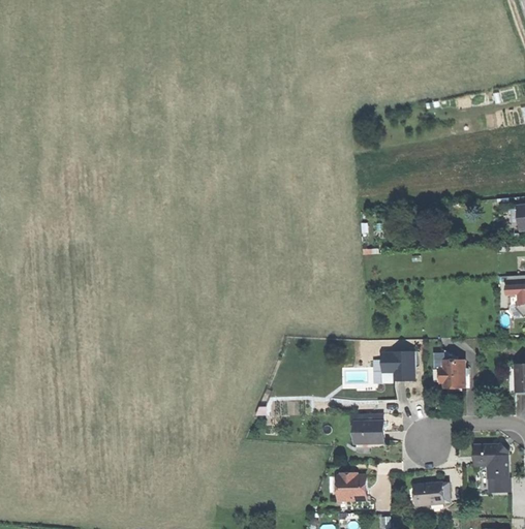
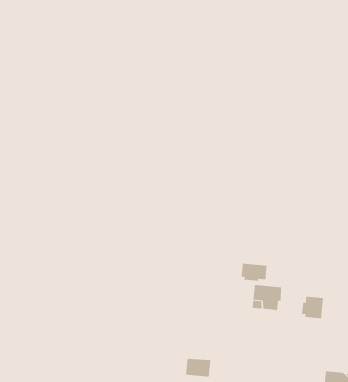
building: none -> [241,263,267,282]
building: [352,422,381,442] -> [185,358,211,377]

